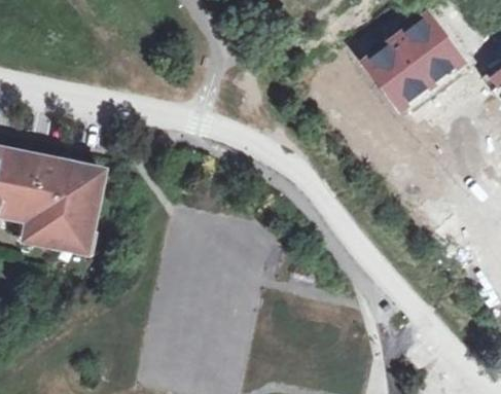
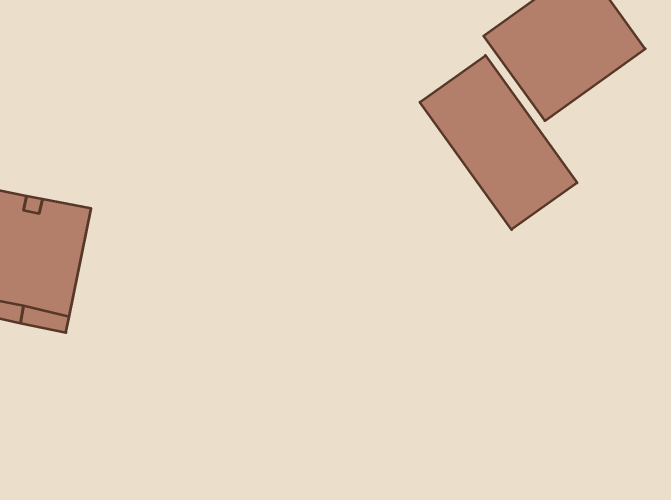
building: none -> [420,55,577,230]

